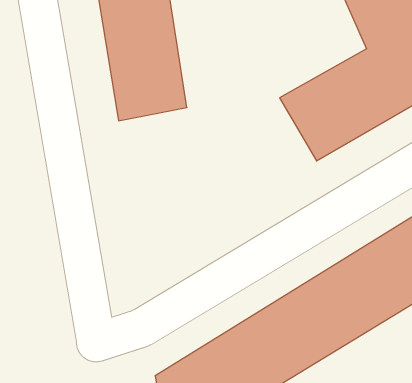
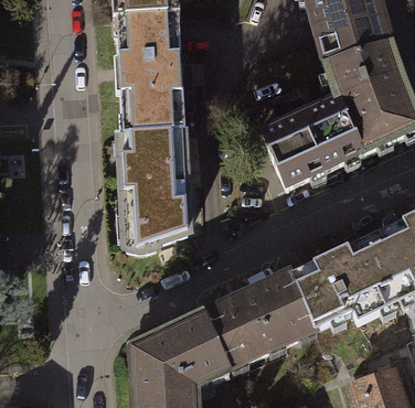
building: none -> [118,133,187,254]

